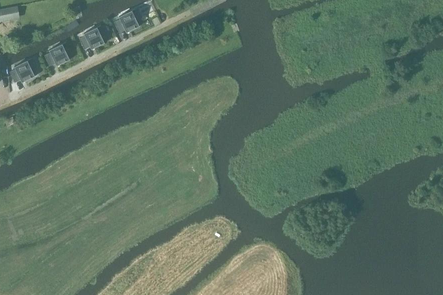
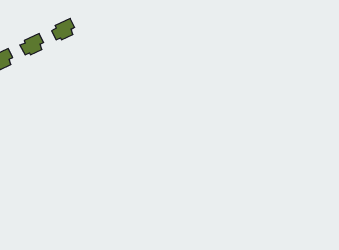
building: [113,9,139,33] -> none

